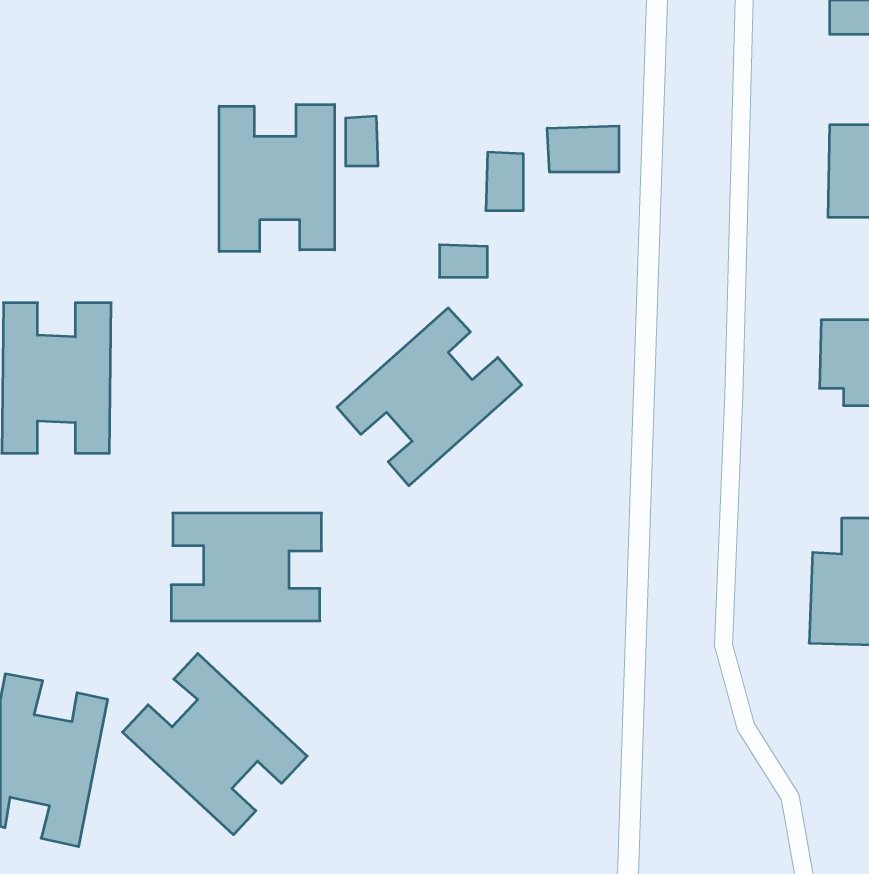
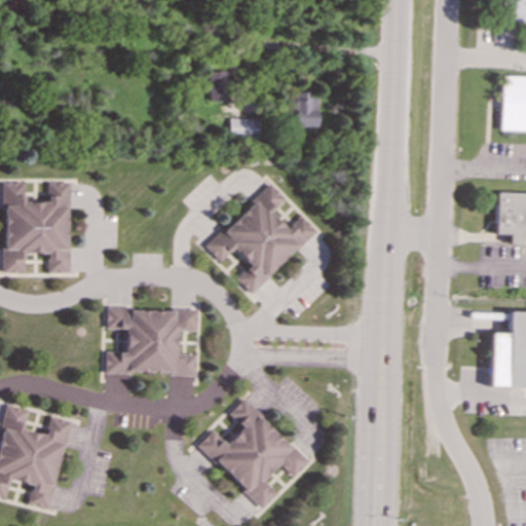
building: [219,104,335,252] -> none
building: [547,126,619,172] -> none
building: [439,245,487,277] -> [230,117,259,137]
building: [122,653,307,835] -> [197,399,308,508]

